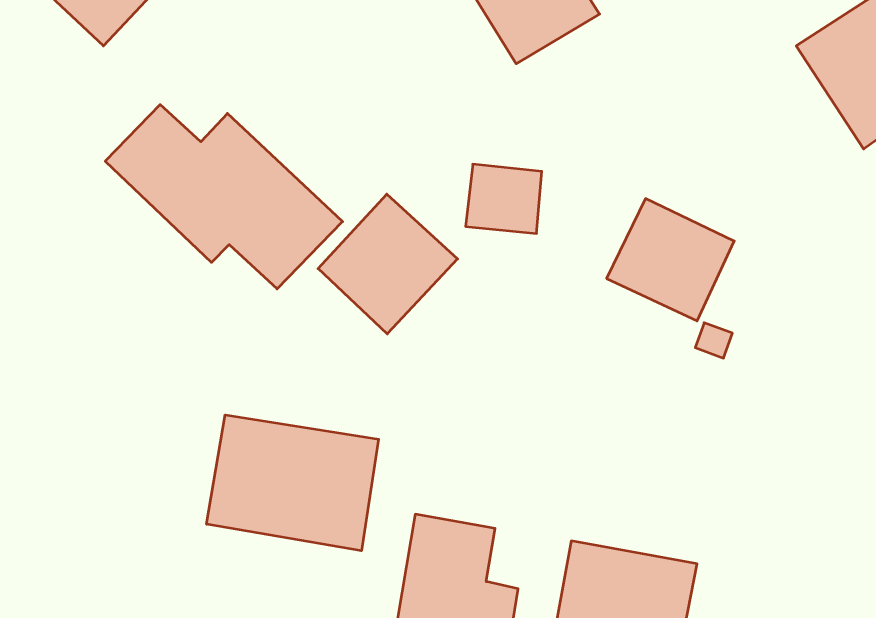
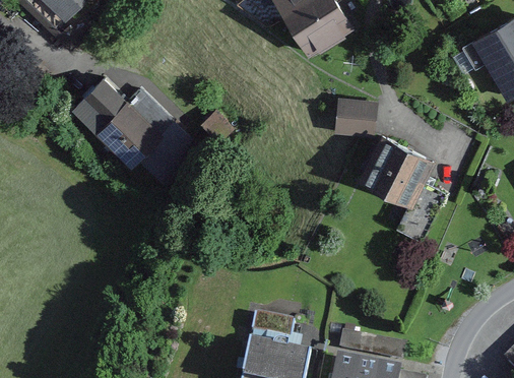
building: [466,164,542,233] -> [334,96,378,135]
building: [318,194,458,334] -> none
building: [207,415,379,551] -> none

